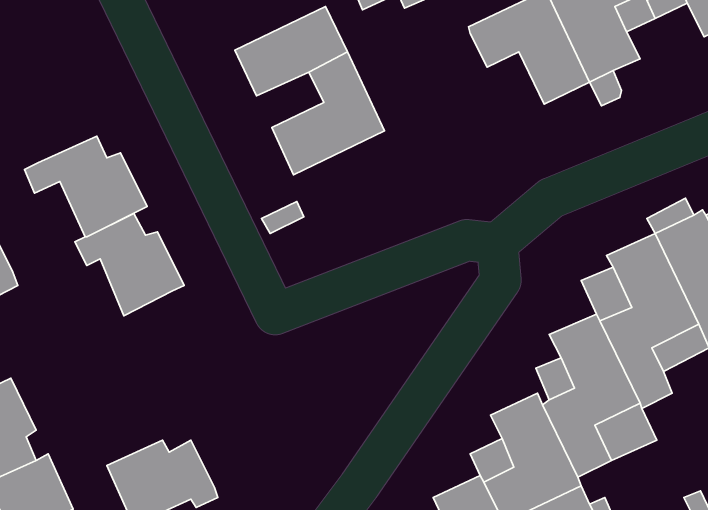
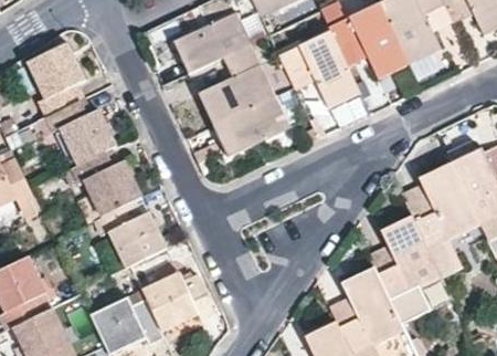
building: none -> [277,31,357,105]
building: none -> [28,43,83,116]
building: none -> [212,95,287,155]
building: none -> [94,200,165,266]
building: none -> [140,274,213,329]

